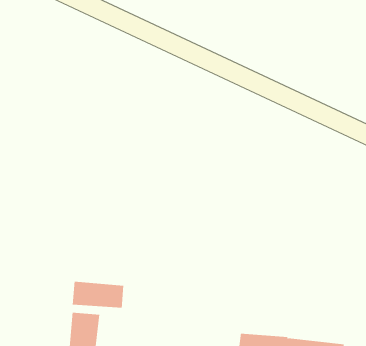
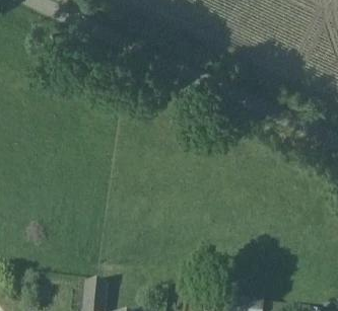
building: [72,281,124,308] -> none

